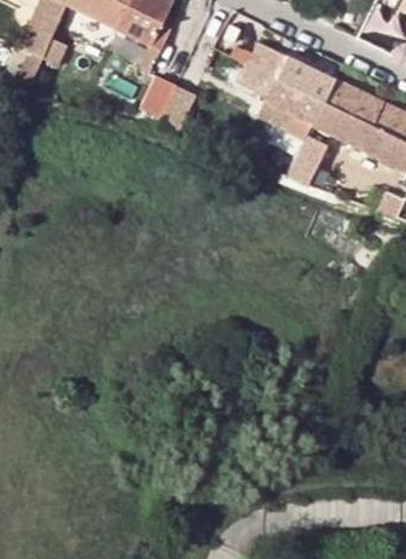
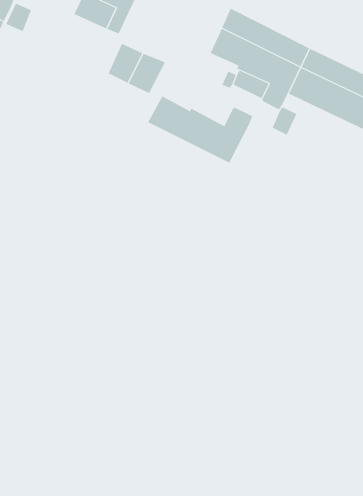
building: none -> [148,96,253,163]

